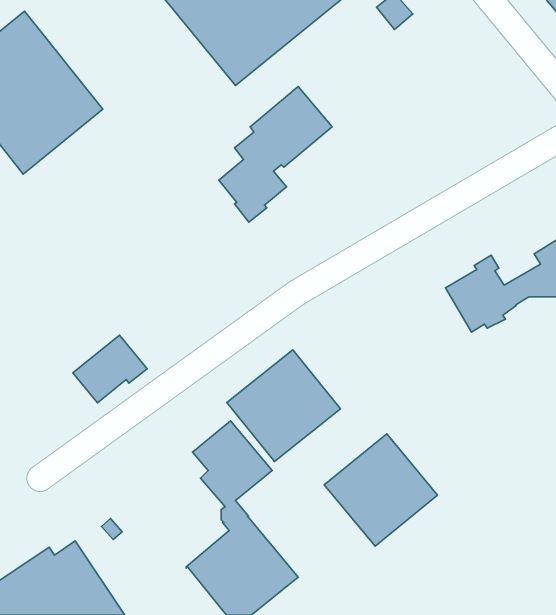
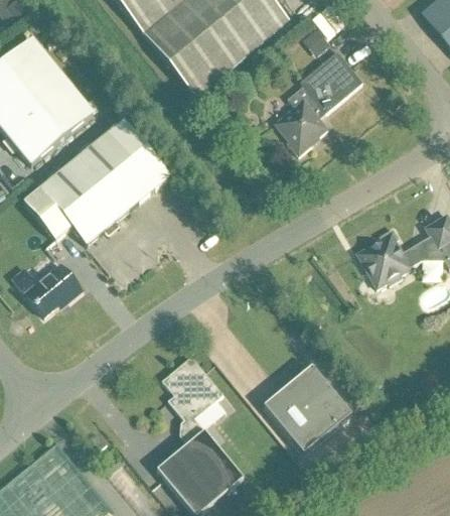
building: [219,86,332,222] -> [276,49,363,154]
building: none -> [22,119,170,244]
building: [73,335,147,403] -> [25,262,83,314]
building: [227,350,341,462] -> none

